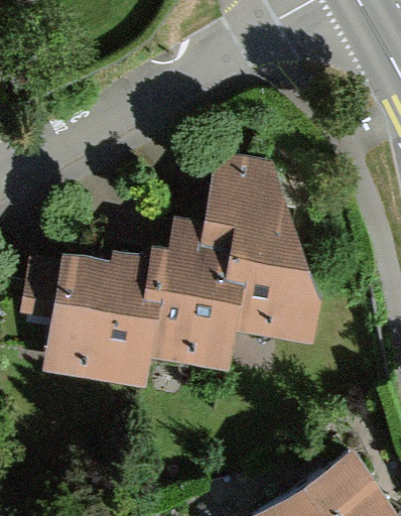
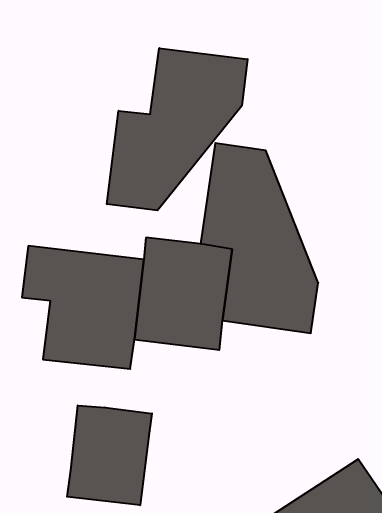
building: none -> [107,48,248,210]
building: none -> [67,405,152,505]

